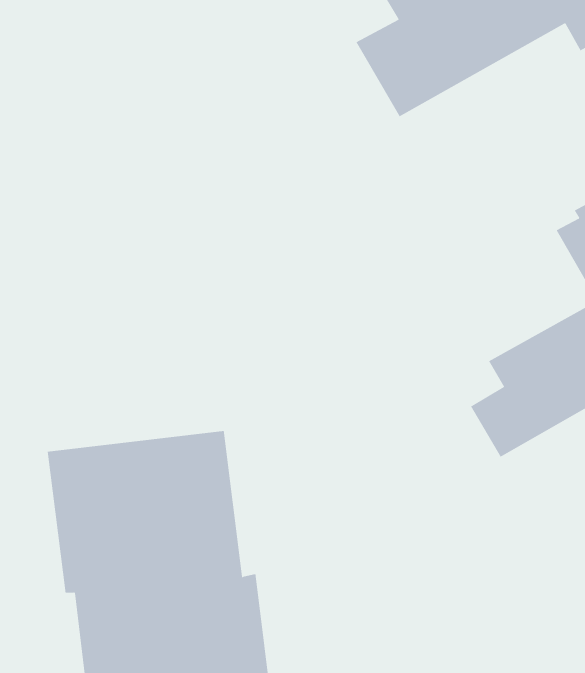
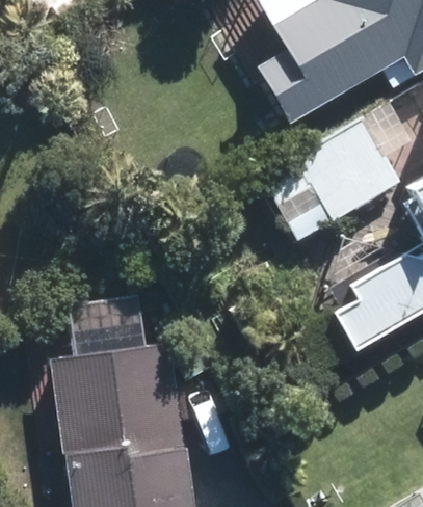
building: none -> [263,117,400,242]

